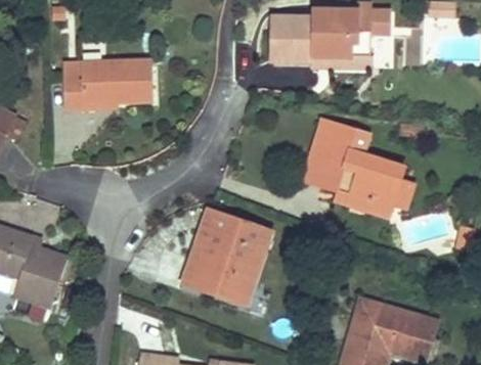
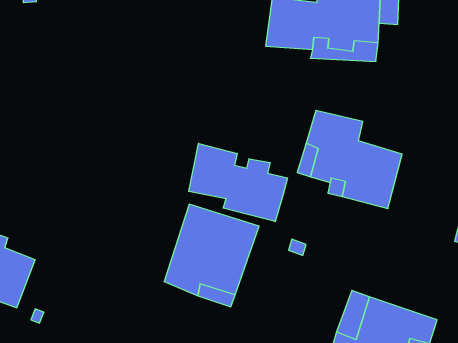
building: [59,56,149,110] -> none
building: none -> [189,143,287,222]

